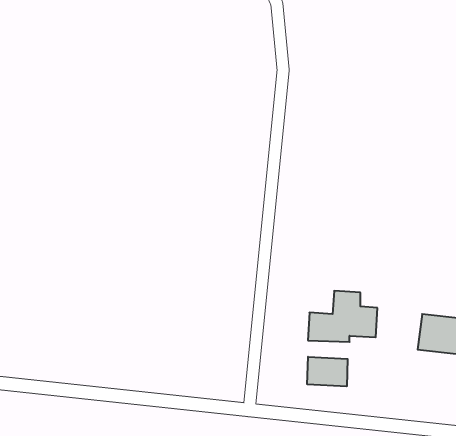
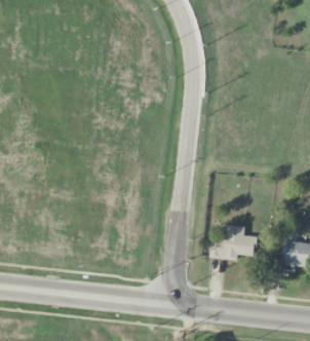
building: [307,357,348,386] -> none

